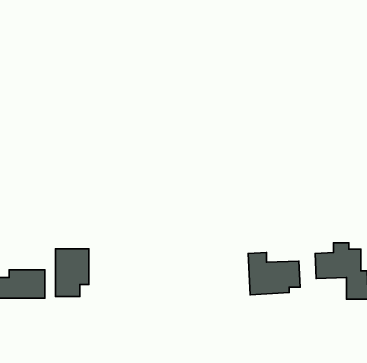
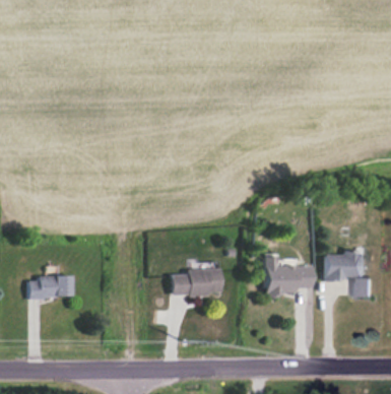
building: [56,249,89,296] -> none
building: none -> [170,261,221,303]

